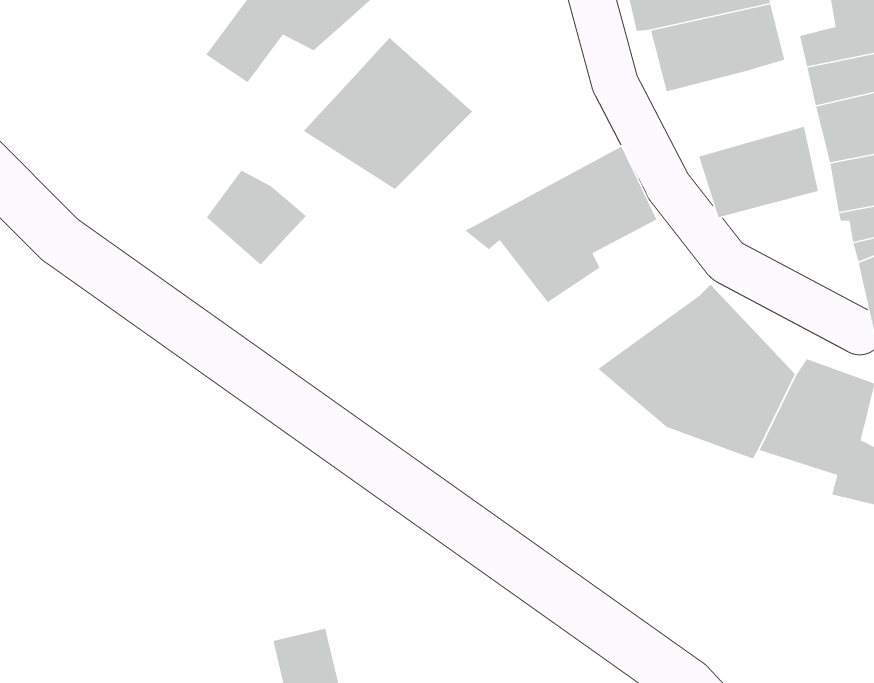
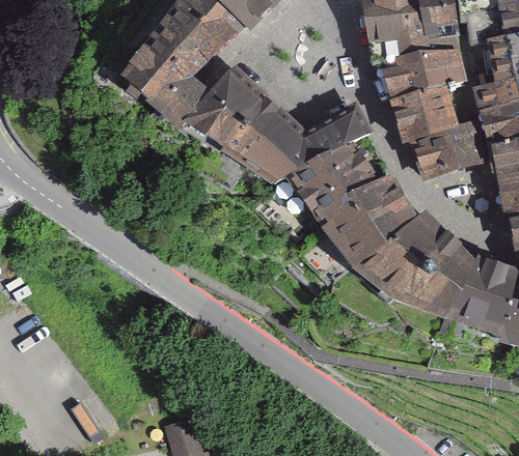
building: none -> [395,89,458,141]
building: none -> [237,108,370,182]
building: [206,170,307,265] -> [151,68,210,124]
building: none -> [326,176,415,263]

